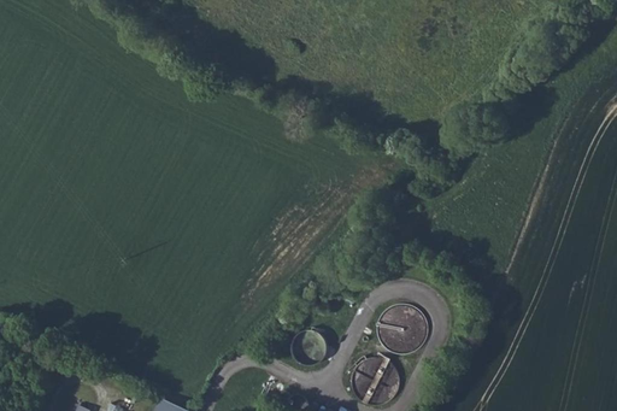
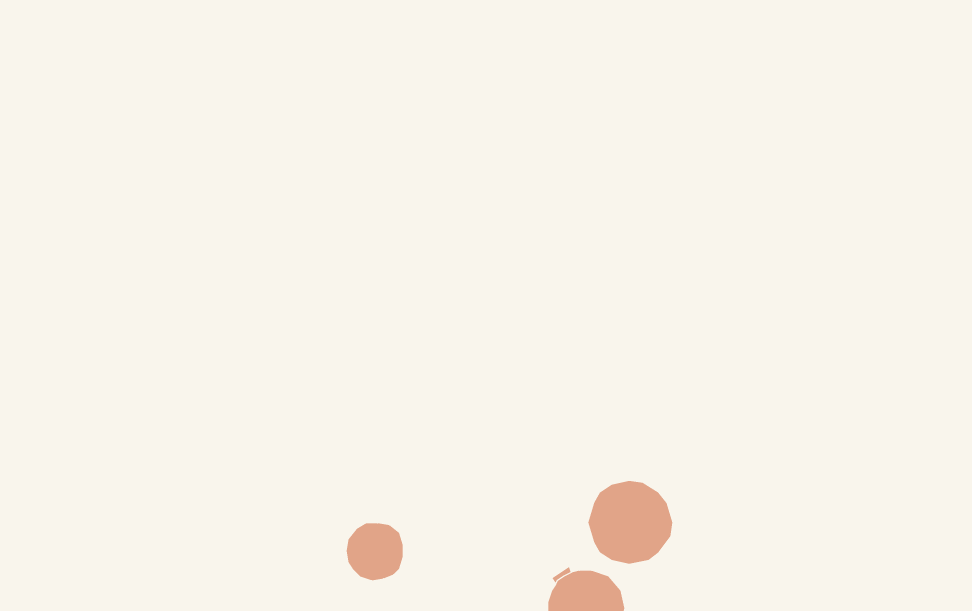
building: [292,330,327,365] -> [346,523,404,581]

